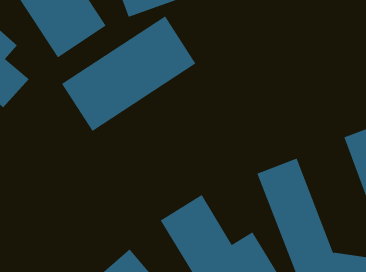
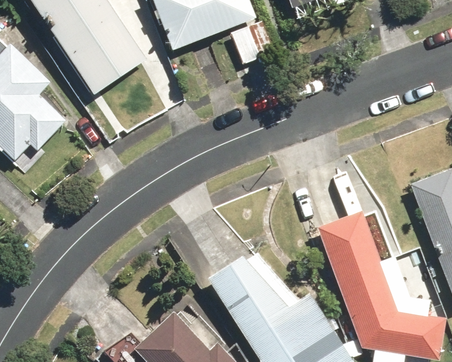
building: [61,15,196,132] -> none

